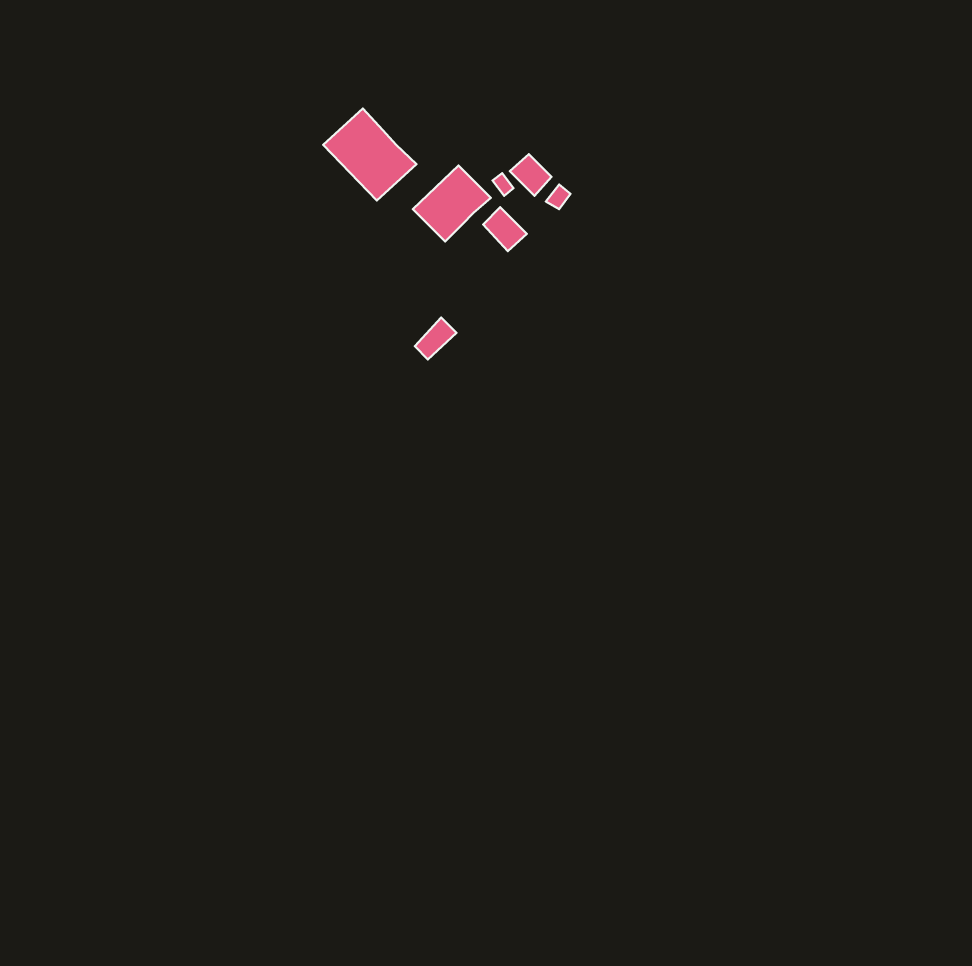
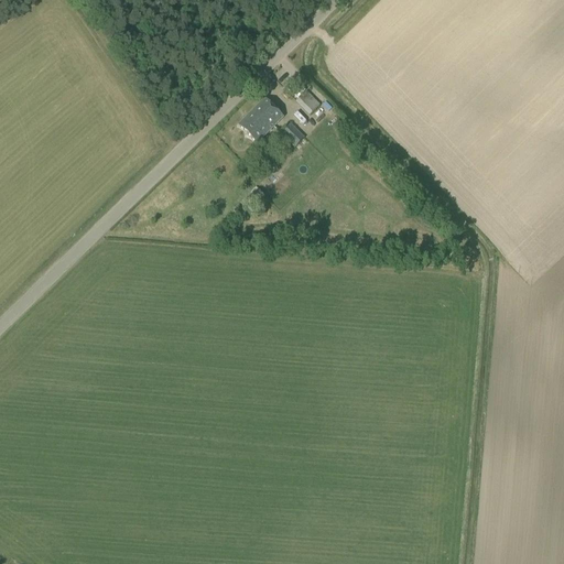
building: [323,108,416,201] -> none

